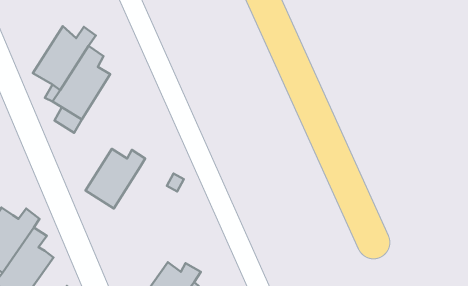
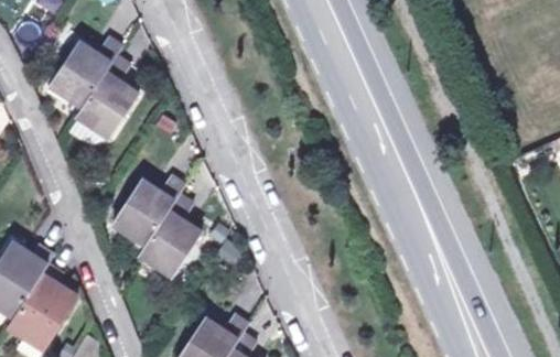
building: none -> [136,199,197,277]

